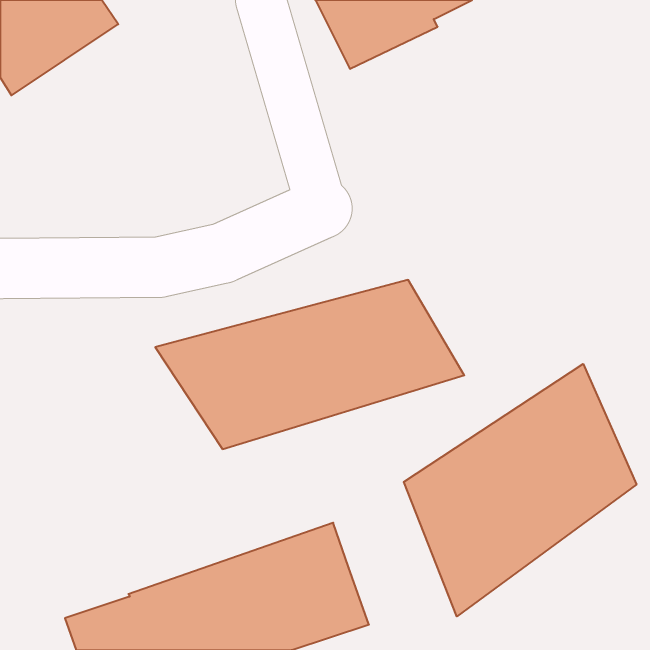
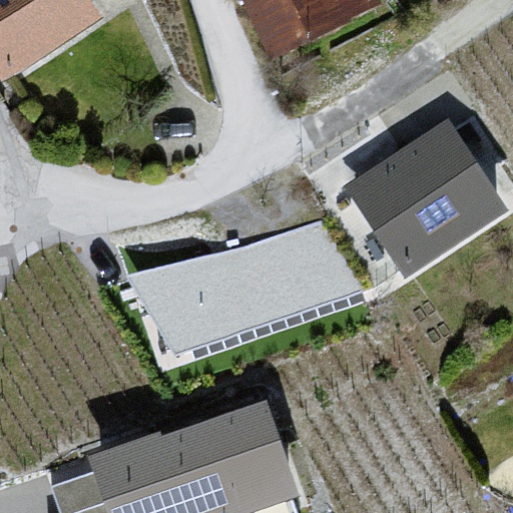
building: none -> [357,132,497,268]
building: [404,364,636,616] -> none

